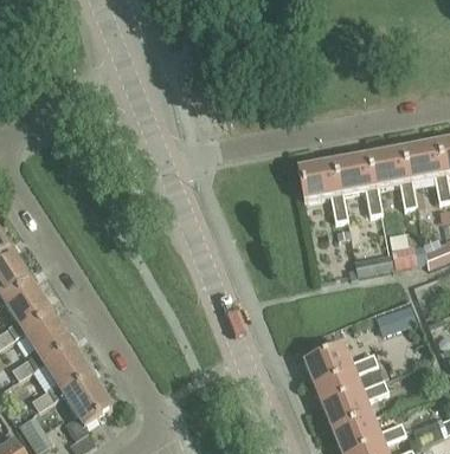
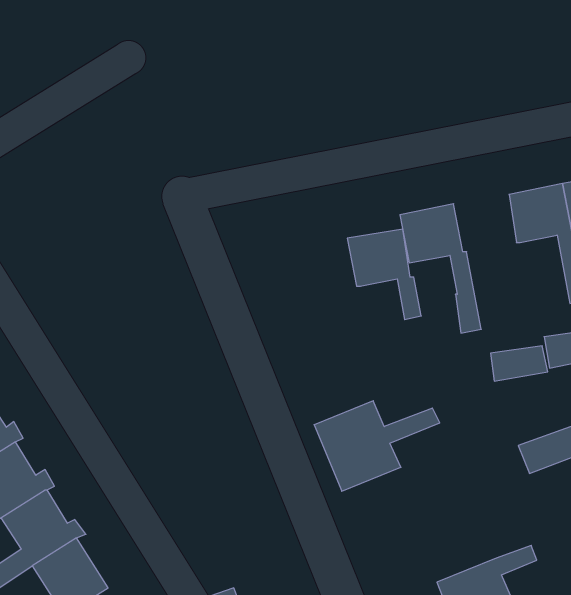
building: [333,155,380,213] -> [347,229,421,320]
building: [304,345,385,403] -> [314,401,440,491]

